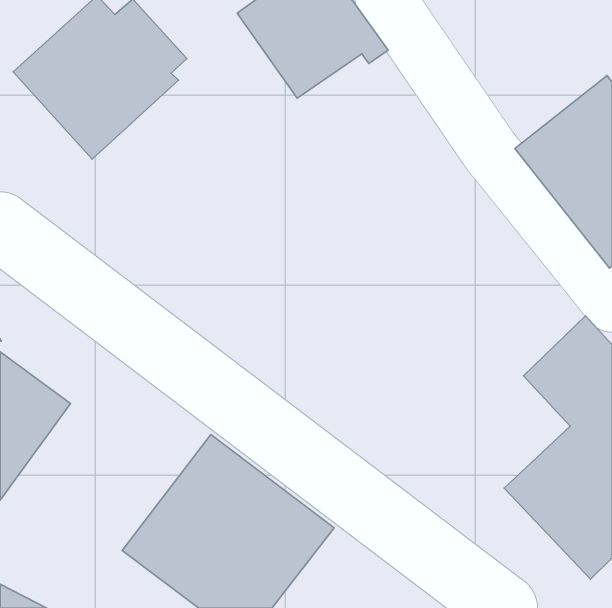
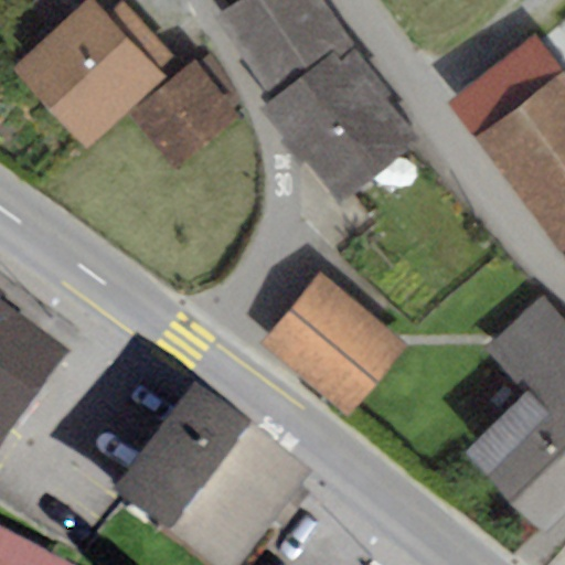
building: none -> [447,33,559,137]
building: none -> [262,46,417,199]
building: none -> [130,50,243,163]
building: none -> [258,269,405,413]

